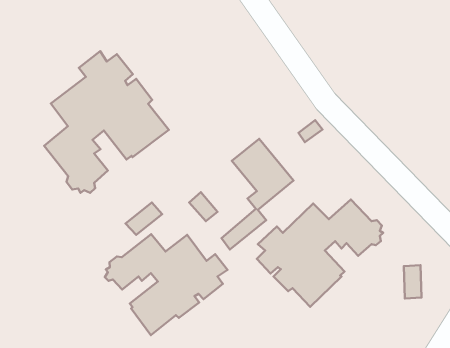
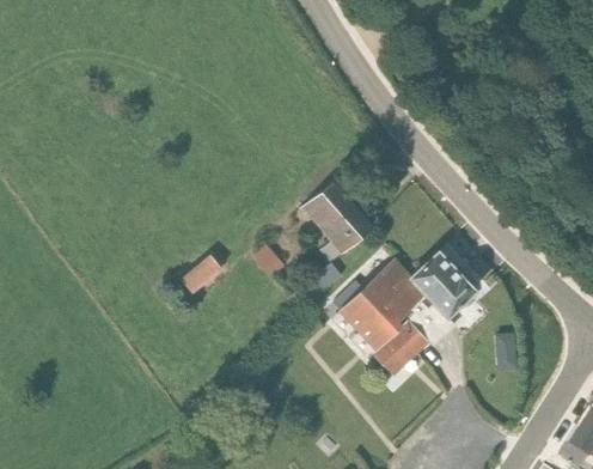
building: [44,51,169,193] -> none
building: [105,234,227,335] -> none

